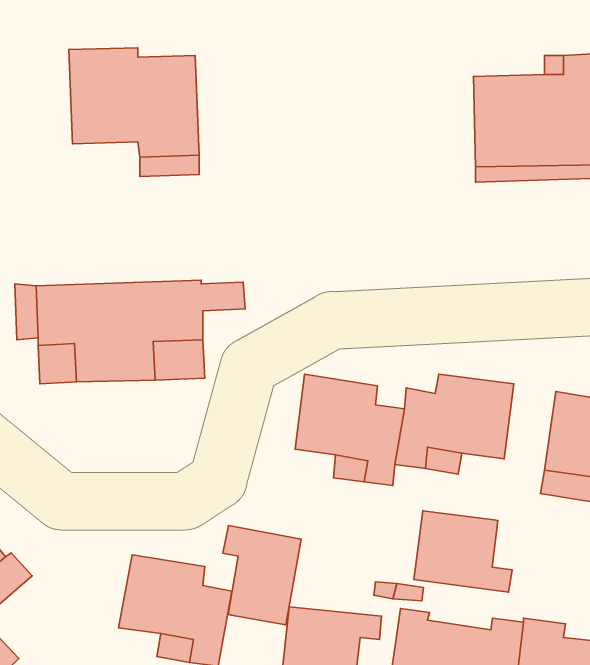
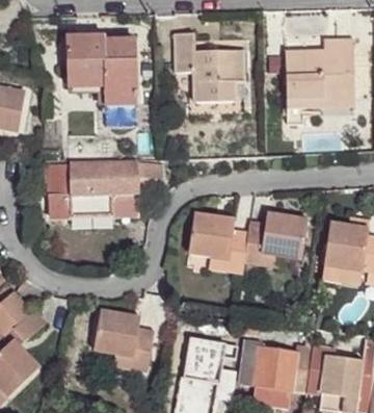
building: none -> [176,33,244,101]
building: [414,511,512,592] -> none
building: [223,526,301,625] -> none

